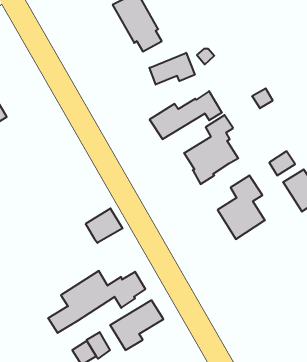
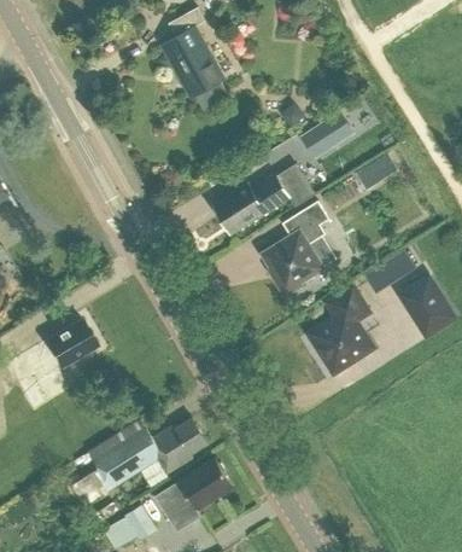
building: [149,53,195,85] -> none
building: none -> [302,122,340,158]
building: [86,208,123,243] -> [45,318,97,366]

